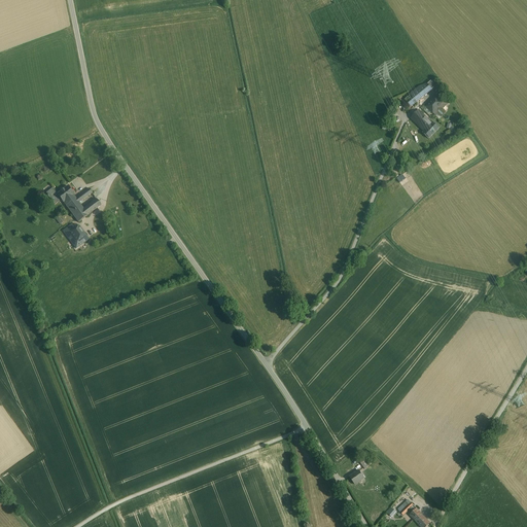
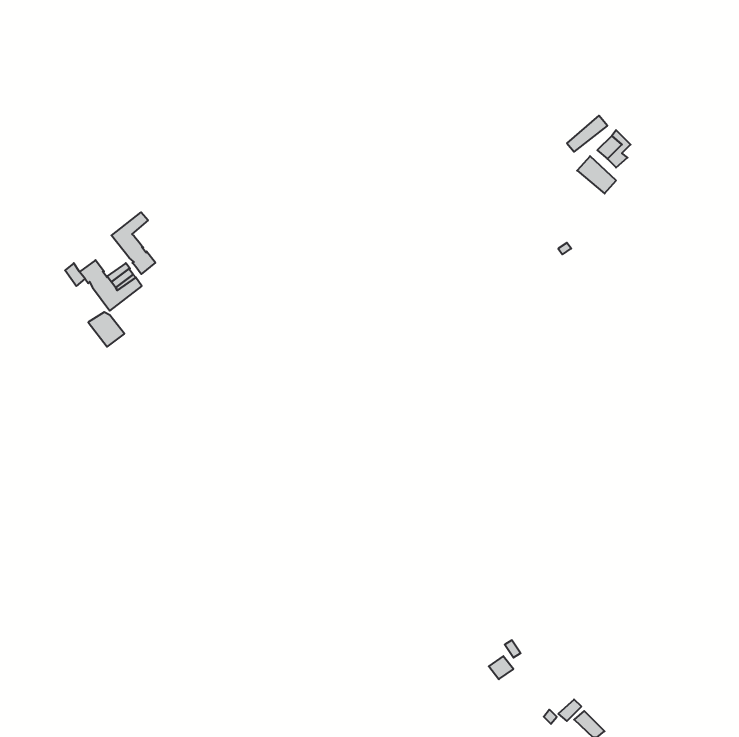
building: none -> [111,212,155,274]

